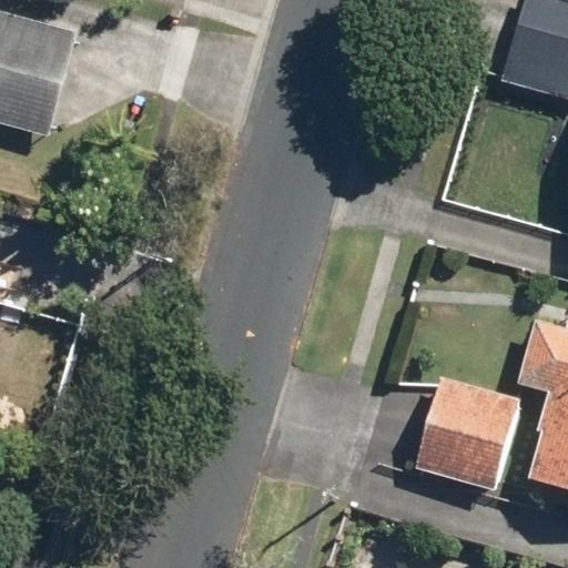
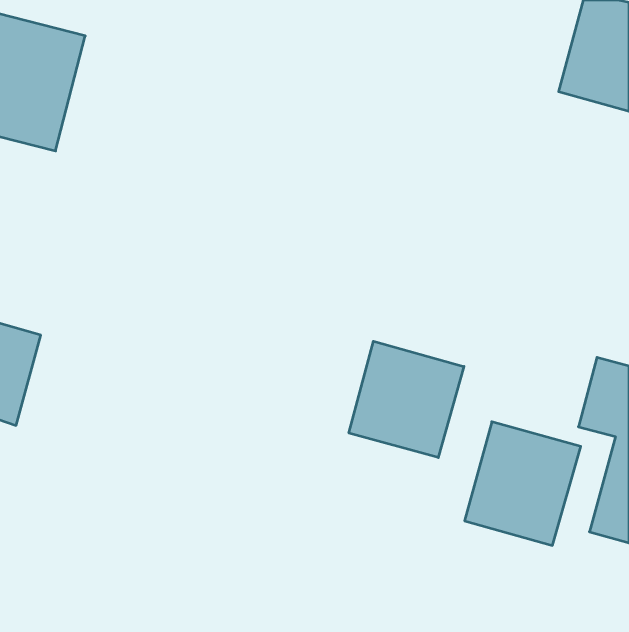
building: none -> [349,341,464,458]

